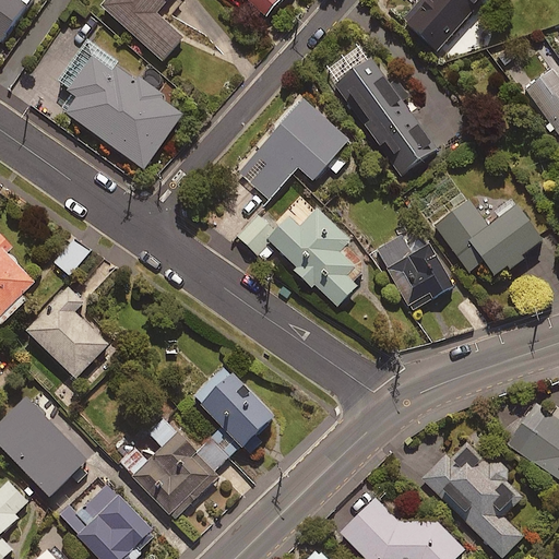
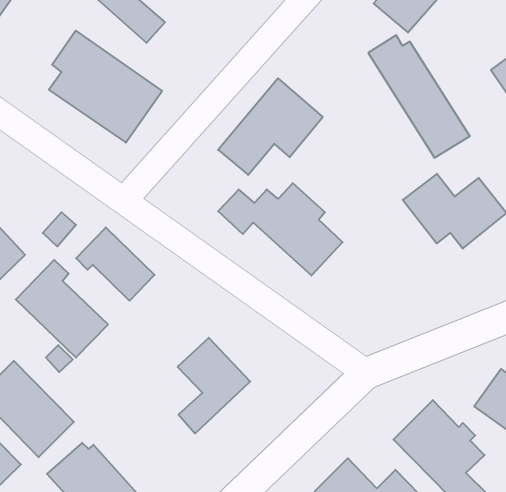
building: [328,47,435,176] -> [368,35,470,158]
building: [376,234,453,310] -> none
building: none -> [76,227,155,301]
building: [132,417,217,518] -> none

